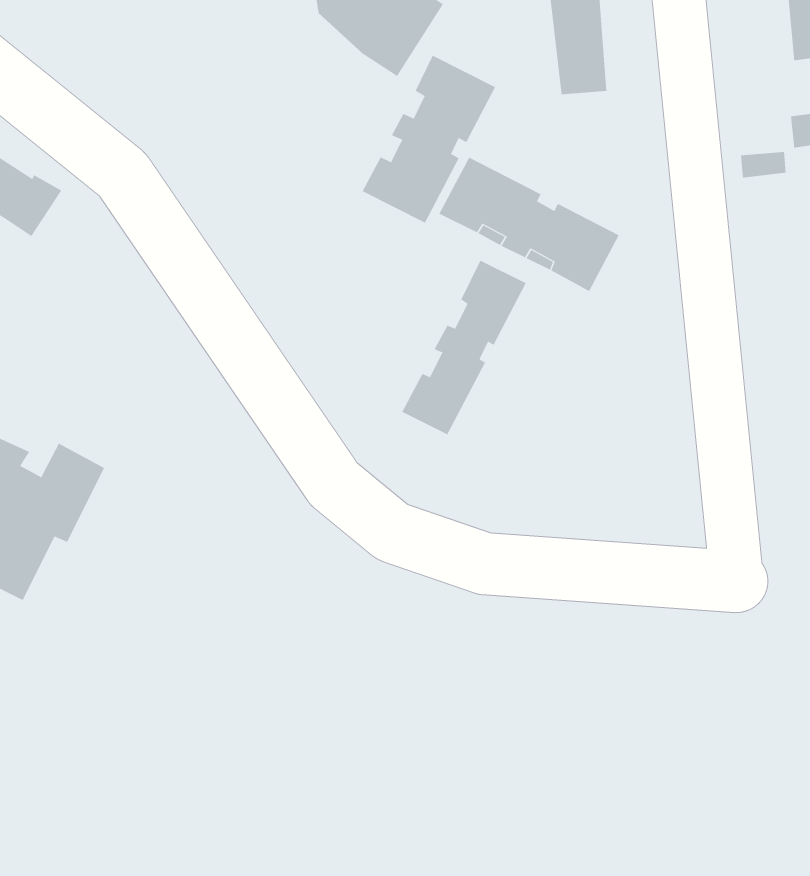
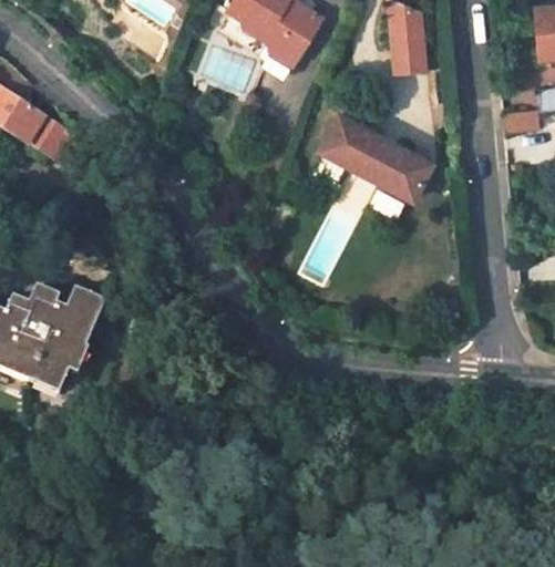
building: [362,55,496,223] -> none
building: [401,260,527,435] -> none

